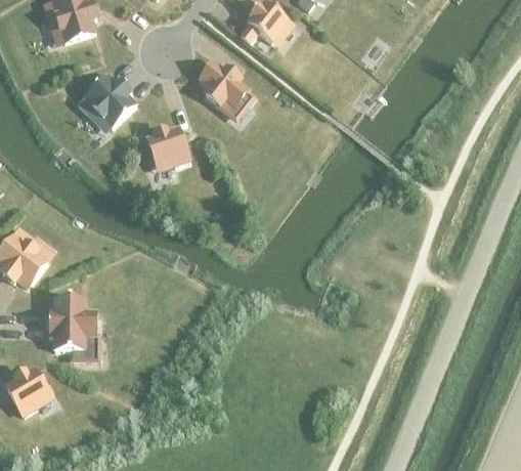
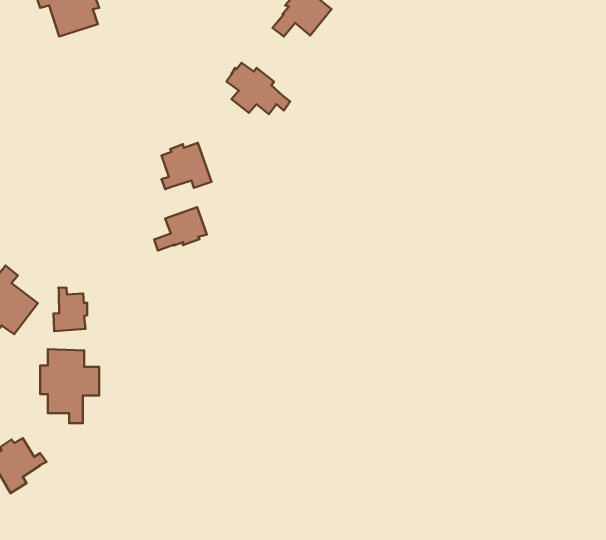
building: [78,74,136,127] -> none
building: none -> [154,207,207,250]
building: none -> [54,287,87,331]

